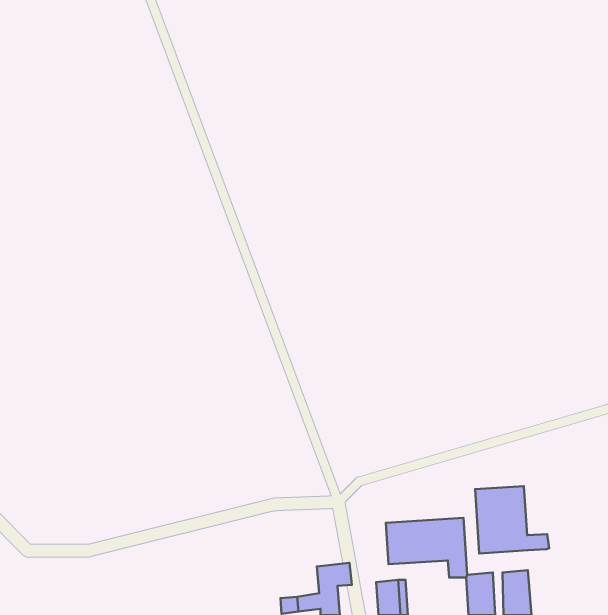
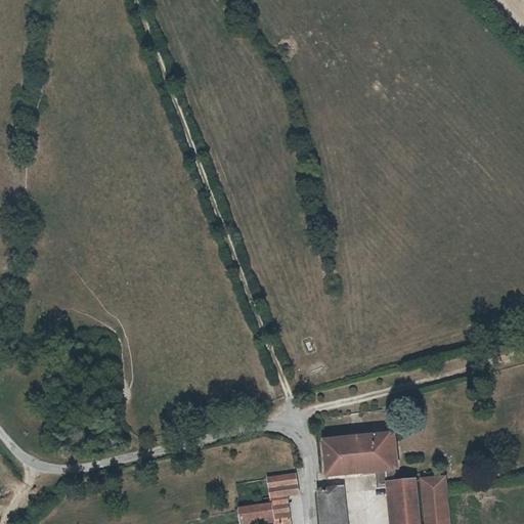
building: [475,486,549,553] -> none

